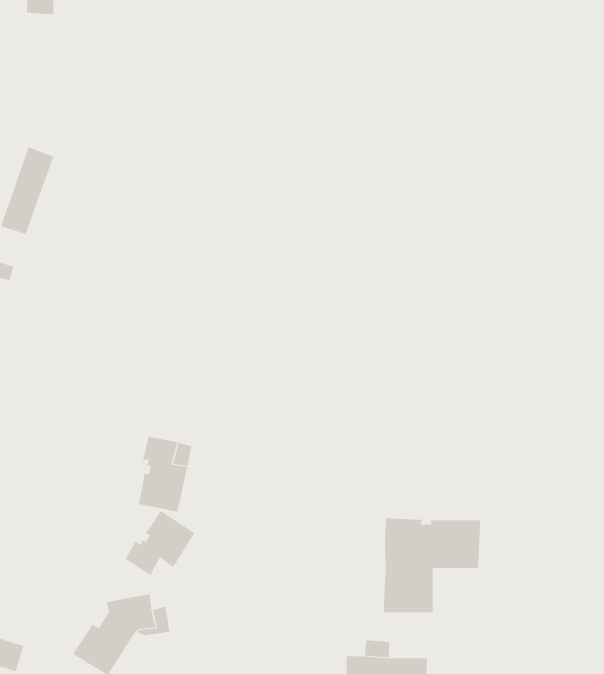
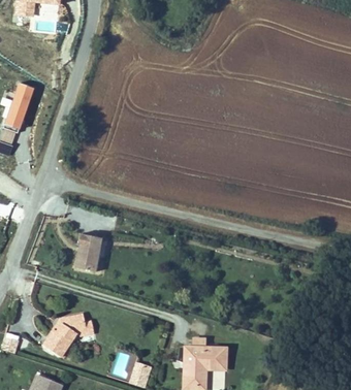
building: [125,510,195,576] -> none
building: [383,517,481,613] -> none

